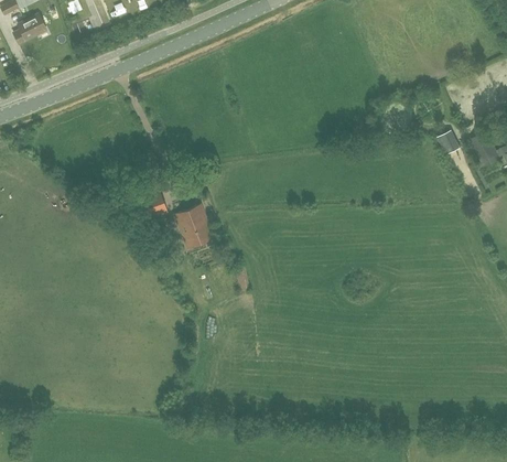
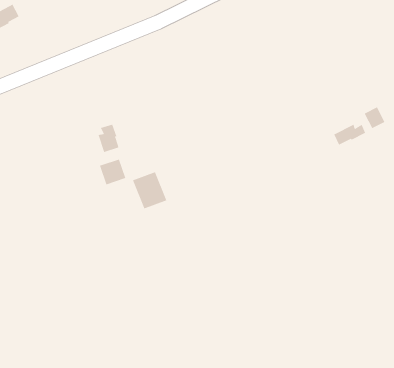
building: none -> [98,124,119,153]
building: none -> [333,124,366,145]

